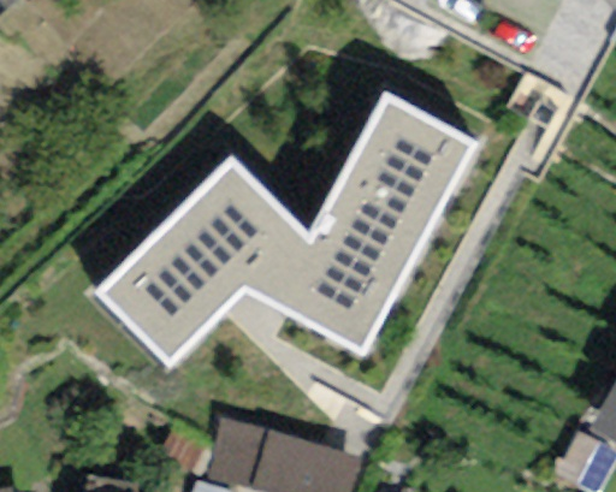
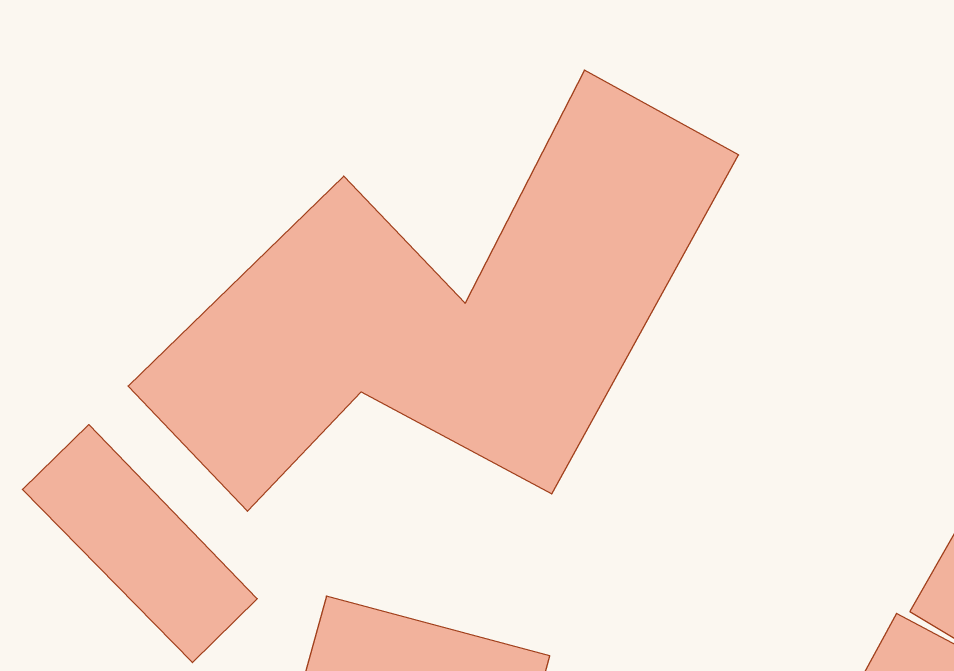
building: none -> [22,425,257,663]

